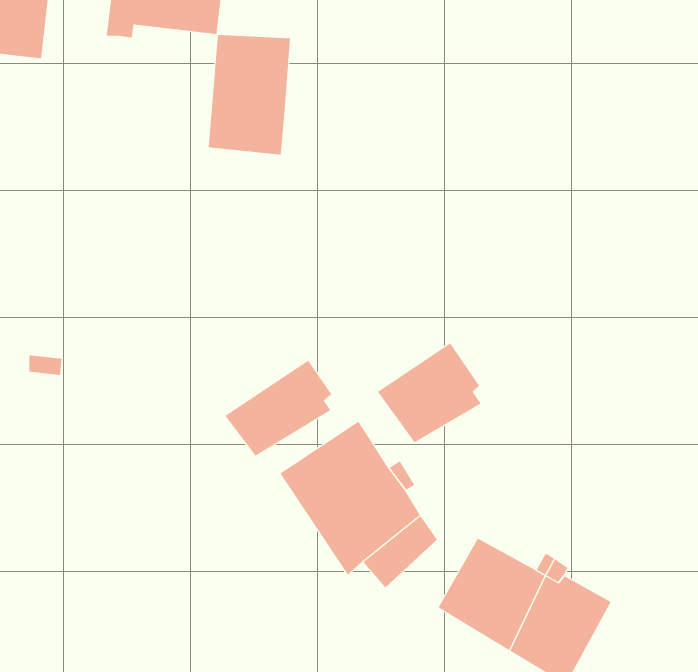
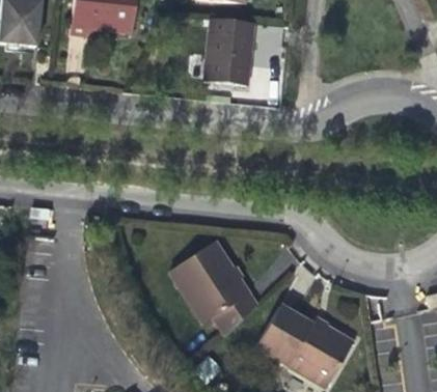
building: [208,34,291,155] -> [204,21,250,87]
building: [377,343,482,443] -> none
building: [225,360,332,457] -> none

